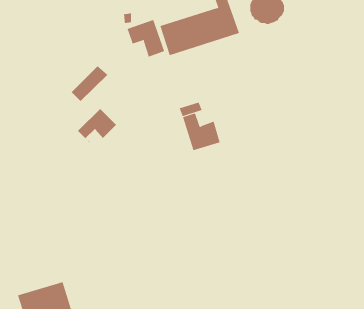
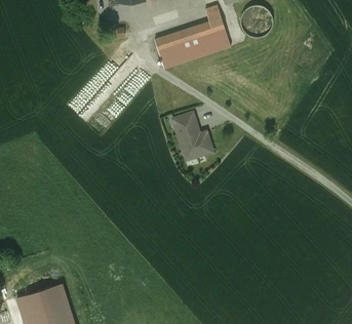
building: [127,19,165,57] -> none
building: [77,108,117,143] -> none

